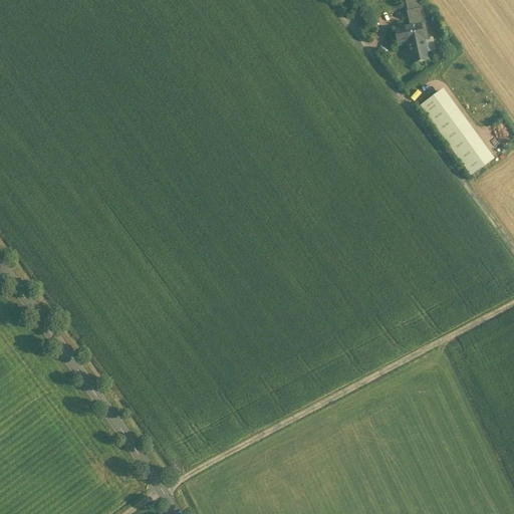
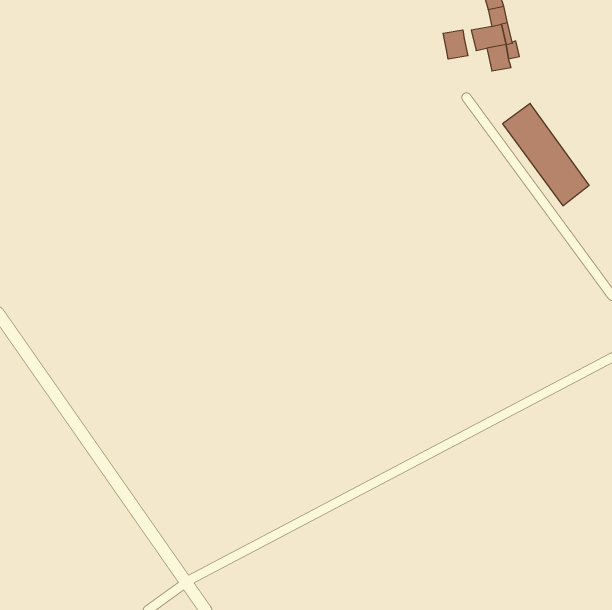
building: none -> [443,30,468,59]

